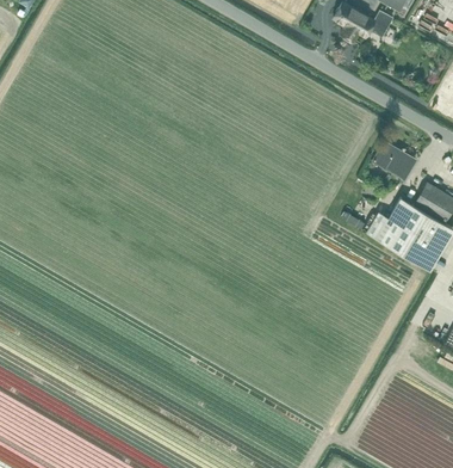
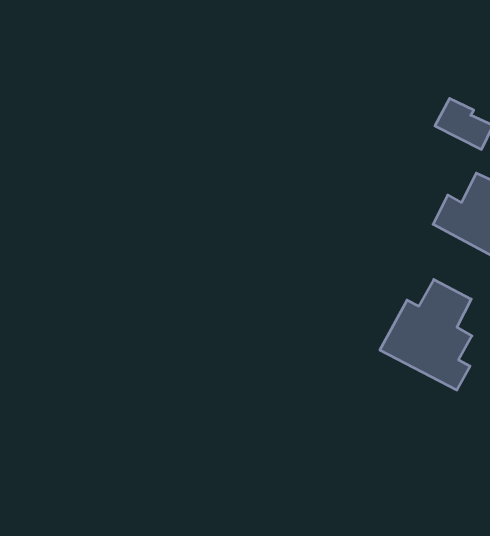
building: none -> [380,279,472,390]

